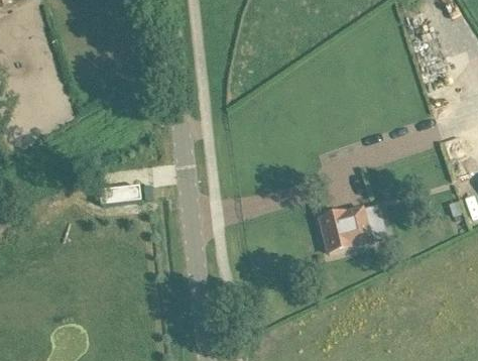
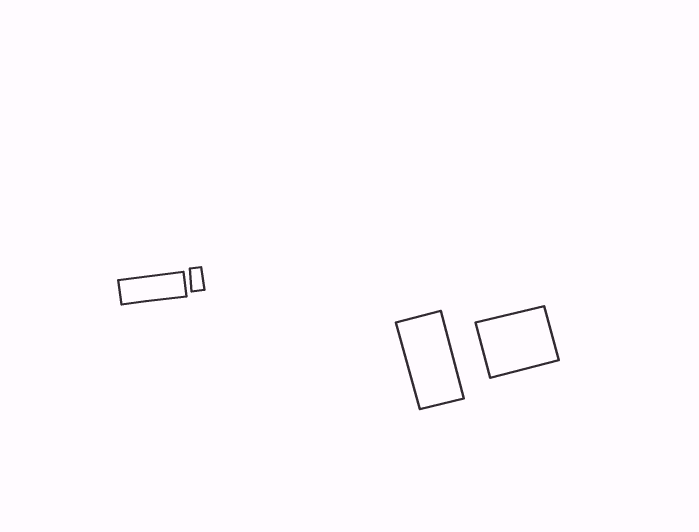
building: none -> [396,311,464,409]

